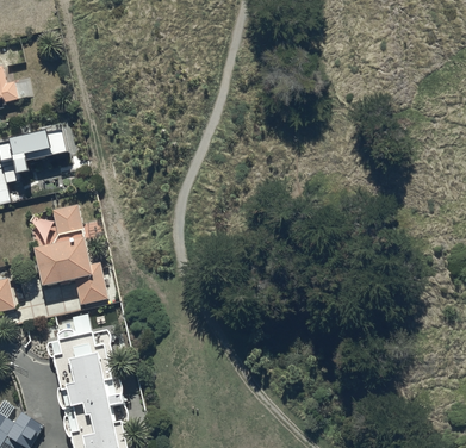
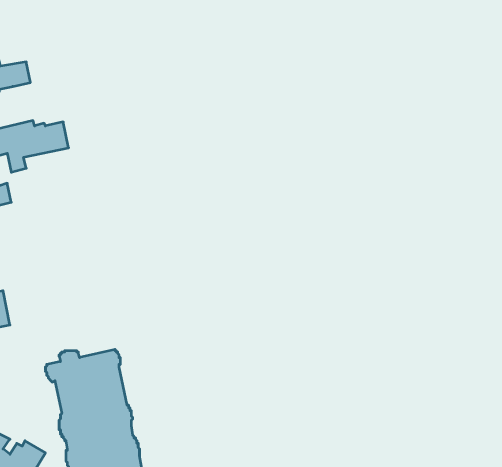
building: [32,204,107,305] -> none

